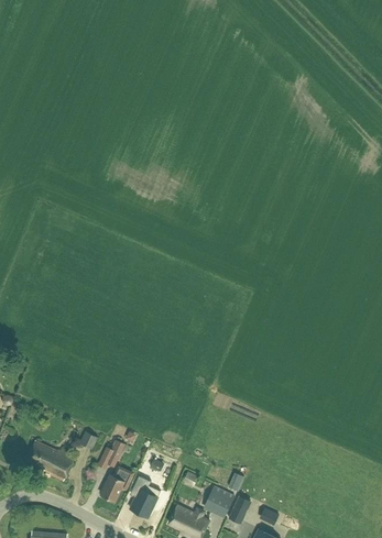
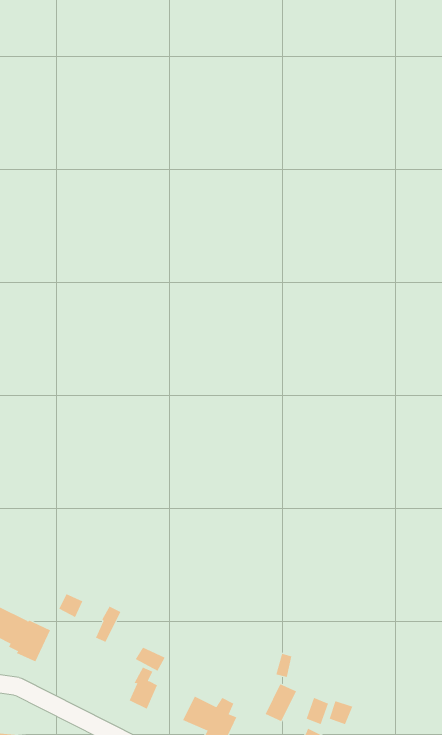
building: [100,466,133,502] -> none
building: [204,485,234,518] -> none

